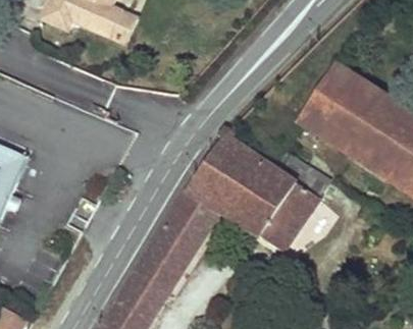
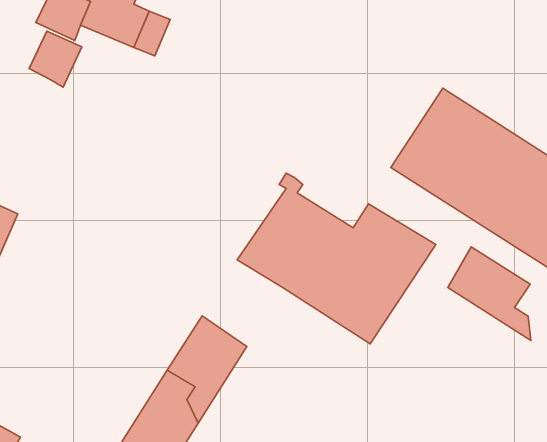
building: none -> [29,31,82,87]
building: none -> [448,247,531,340]
building: [160,190,219,254] -> none

